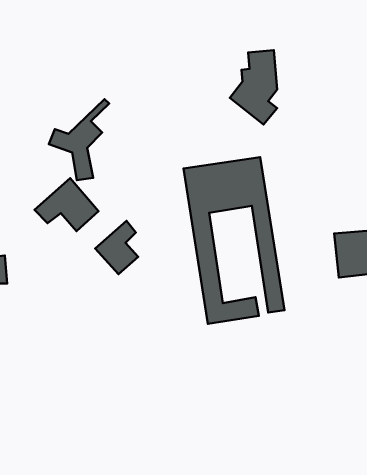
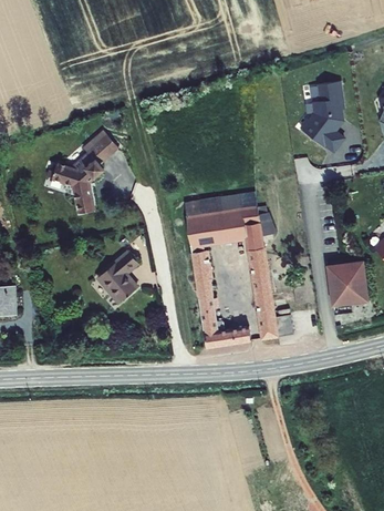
building: [230,50,277,124] -> [300,82,345,153]
building: [34,178,99,231] -> none

